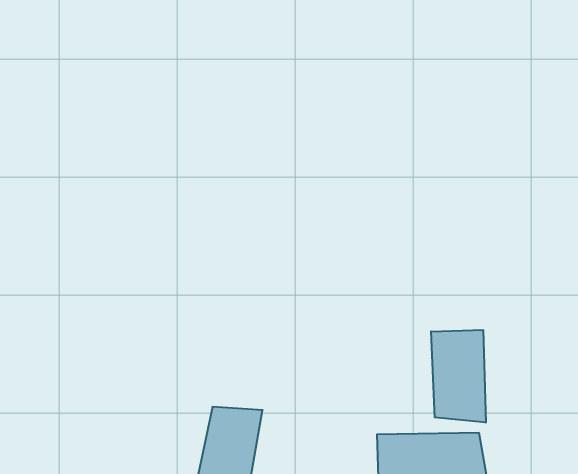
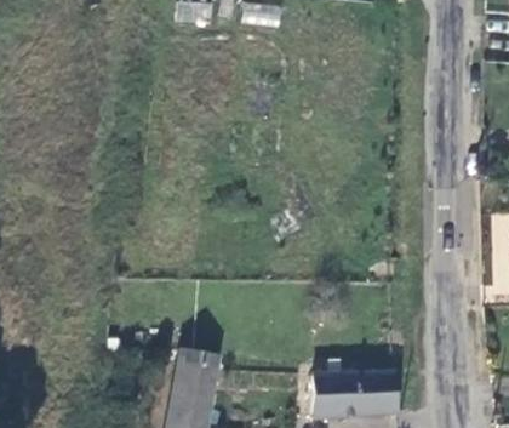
building: [431,330,486,423] -> none

